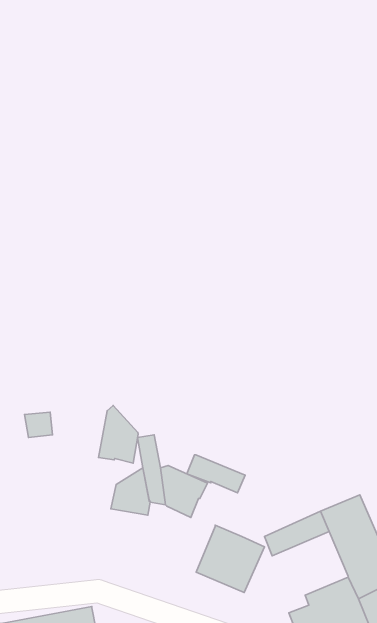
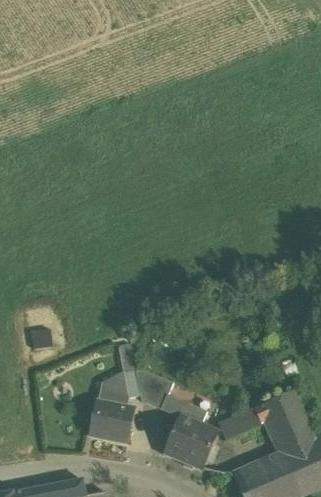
building: [98,405,138,463] -> none
building: [187,455,245,493] -> [161,393,207,423]
building: none -> [91,401,133,440]

